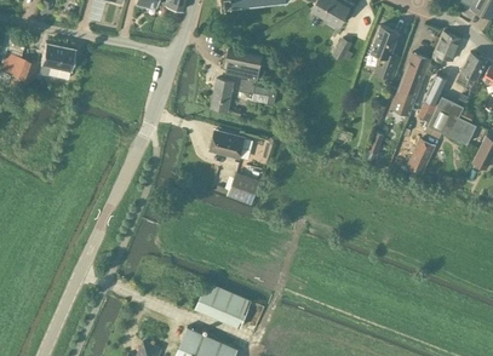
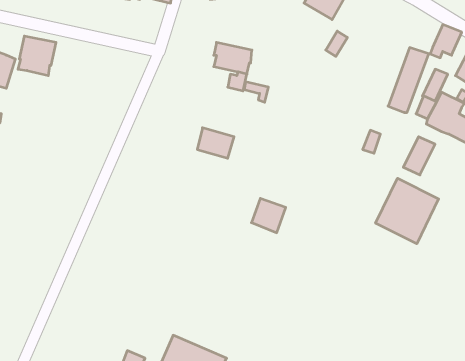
building: [371,25,400,79] -> none
building: [211,79,234,111] -> none
building: [227,172,259,205] -> [251,198,286,233]
building: none -> [376,178,439,244]
building: [195,282,251,328] -> none

